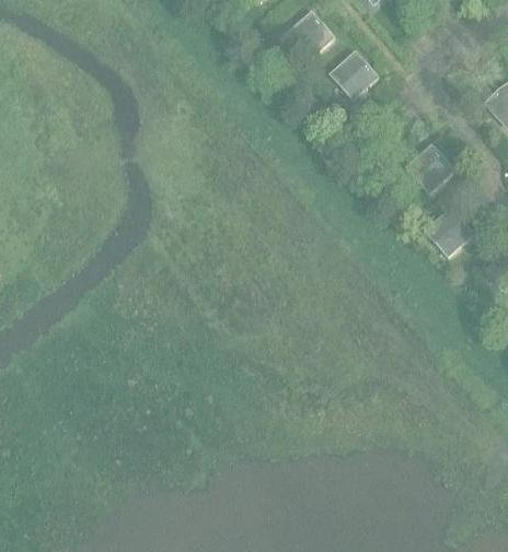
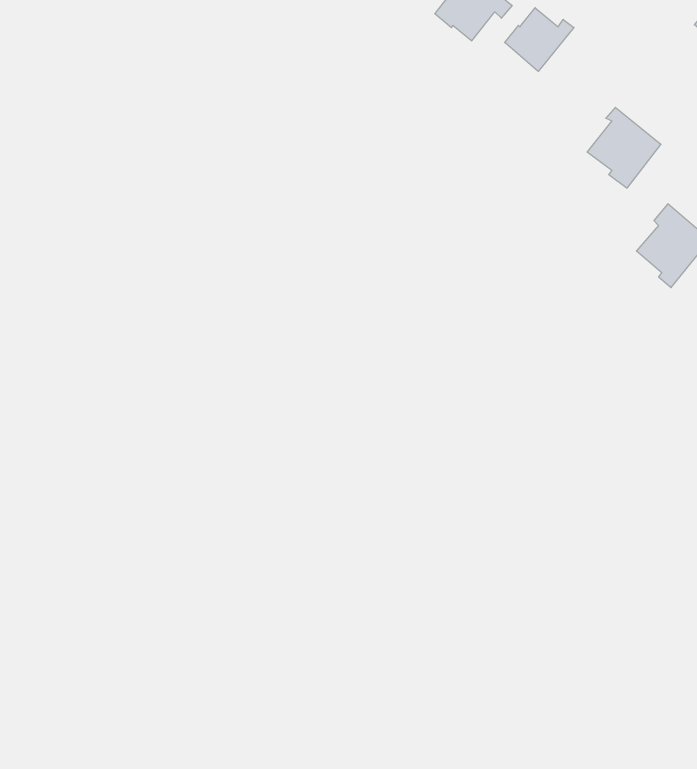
building: none -> [505,8,574,71]

